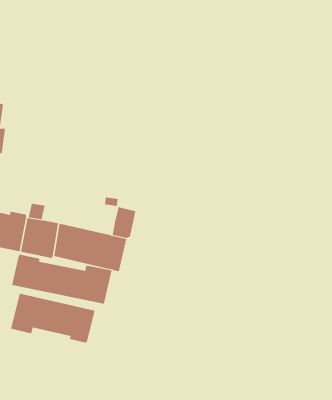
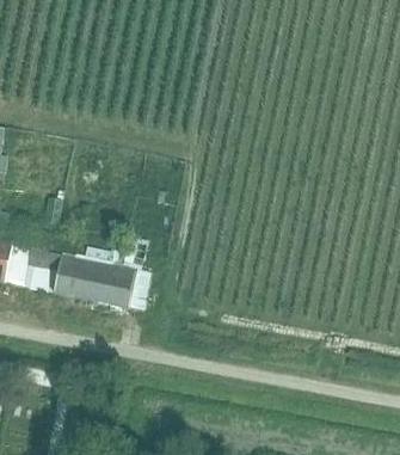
building: [12,254,112,304] -> none
building: [10,293,95,344] -> none

